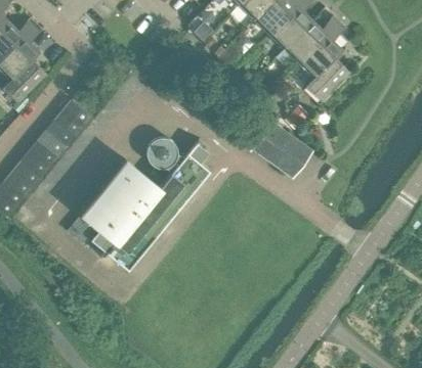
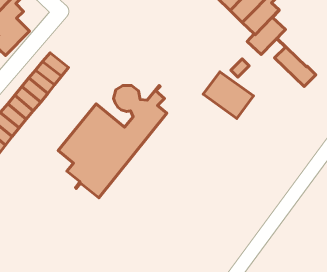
building: none -> [274,38,316,86]

